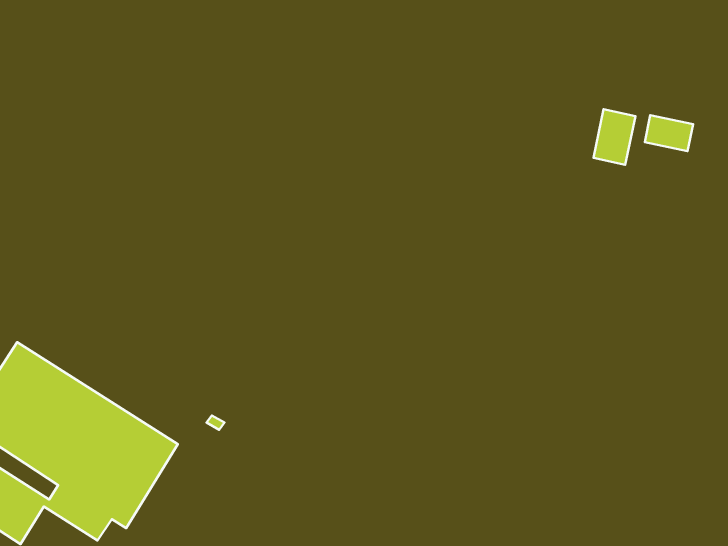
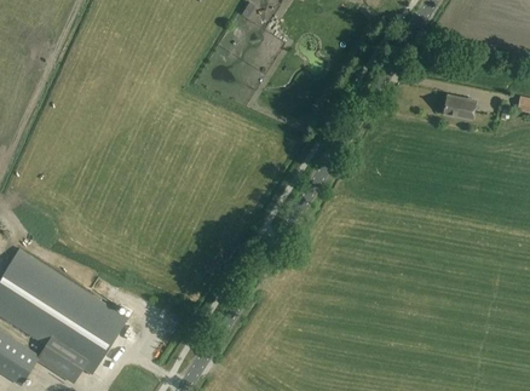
building: [593,109,635,165] -> none

